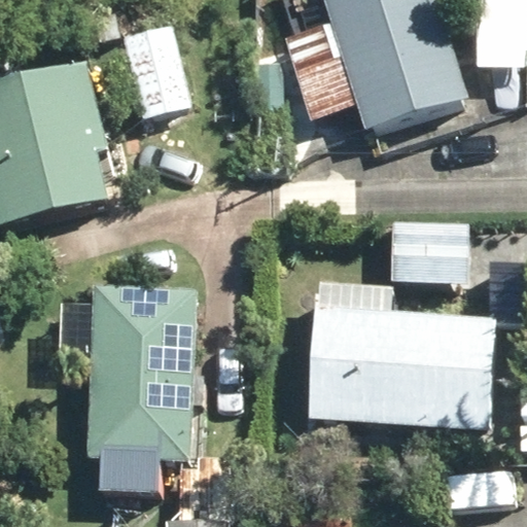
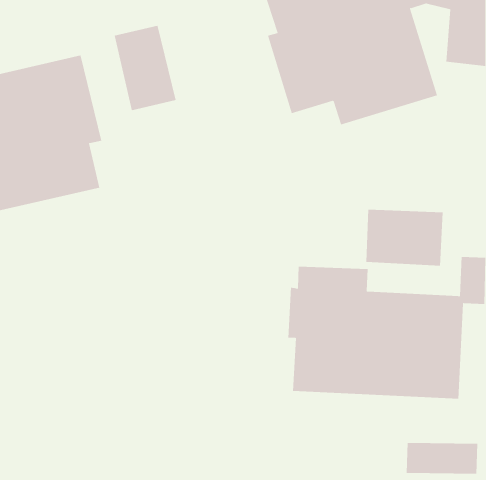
building: [87,285,200,491] -> none

